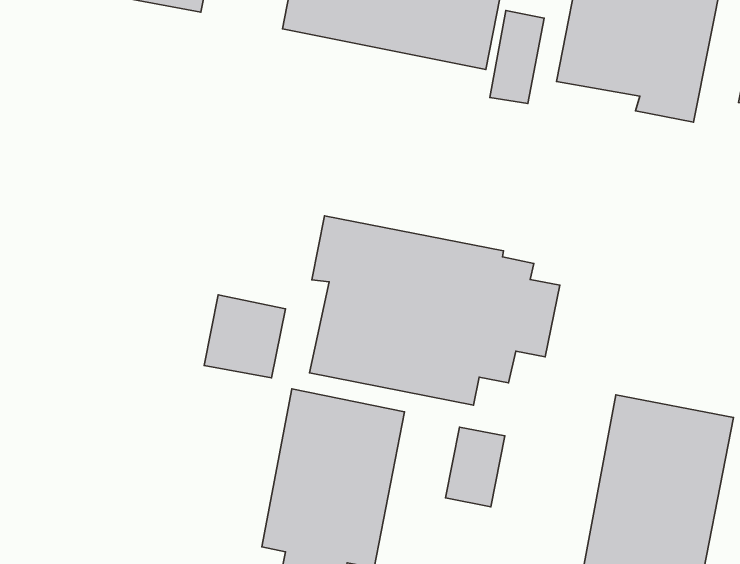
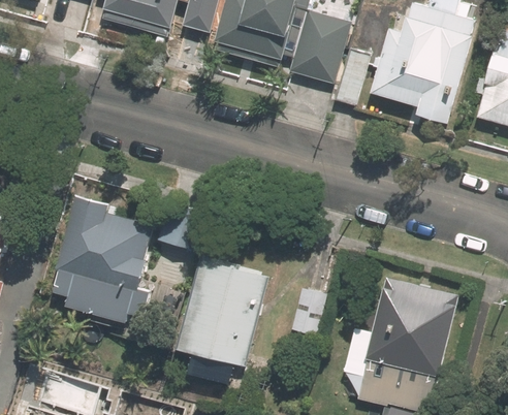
building: [309,216,560,405] -> none
building: none -> [50,196,153,323]

